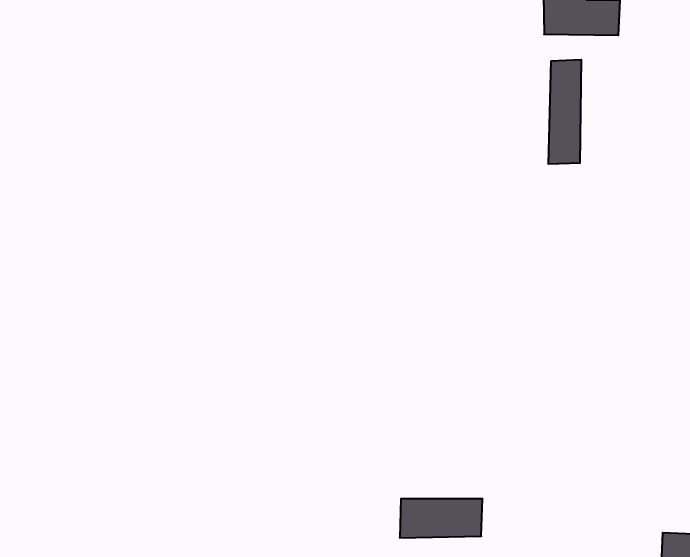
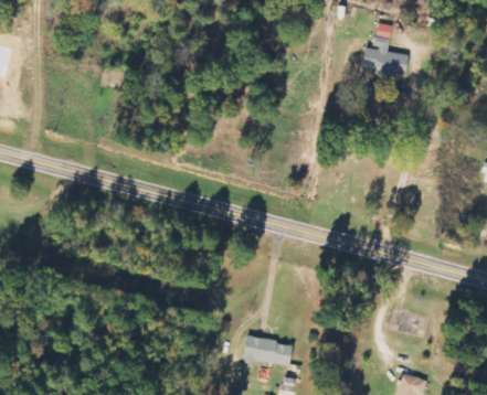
building: [548,60,581,164] -> none

